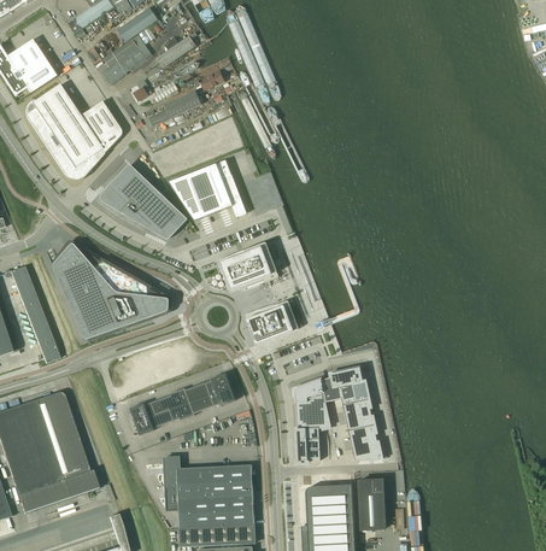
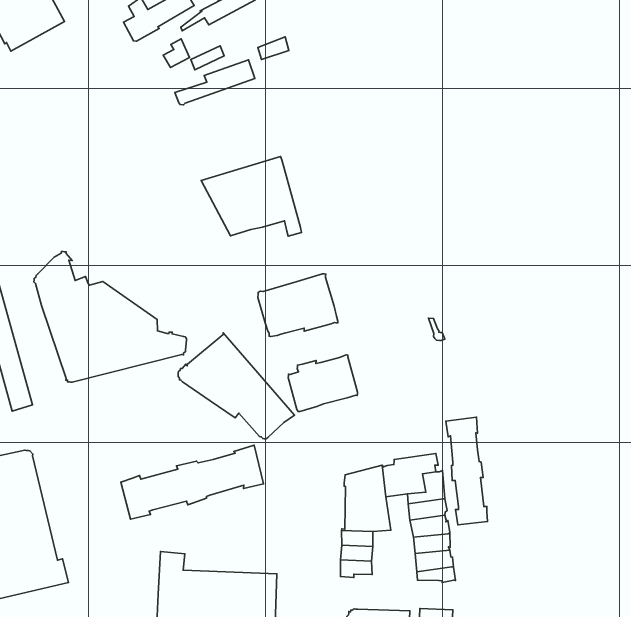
building: [28,84,122,178] -> none
building: [100,164,188,239] -> [178,333,295,439]
building: none -> [446,417,487,525]

